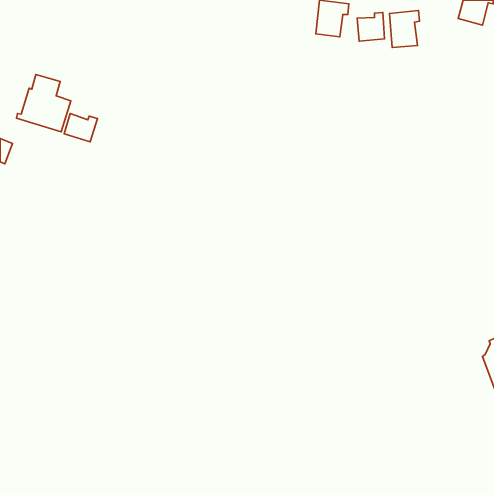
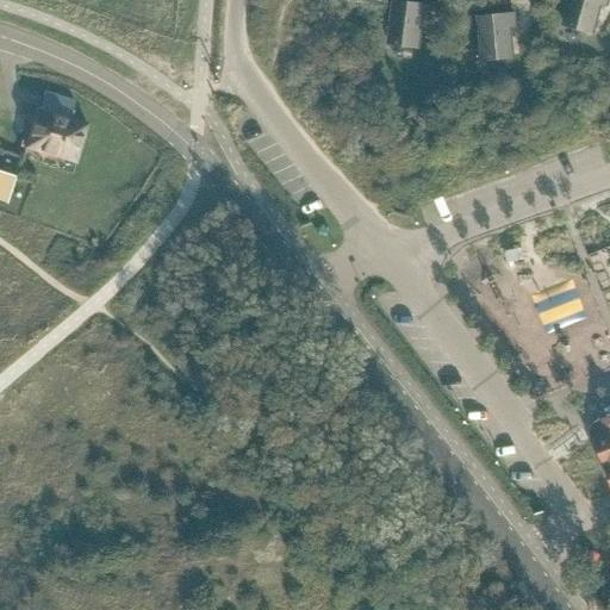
building: [357,13,385,41] -> none
building: [64,114,97,142] -> none

